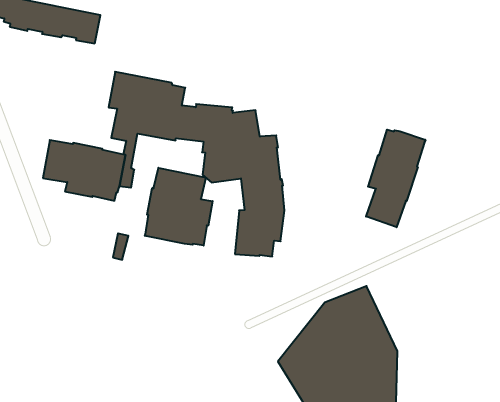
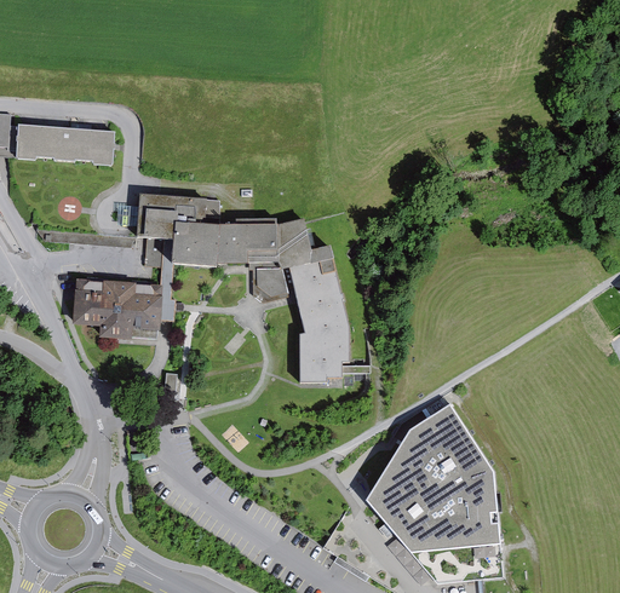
building: [366,130,425,227] -> none
building: [145,168,213,246] -> none

